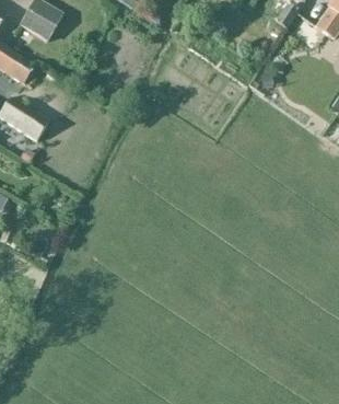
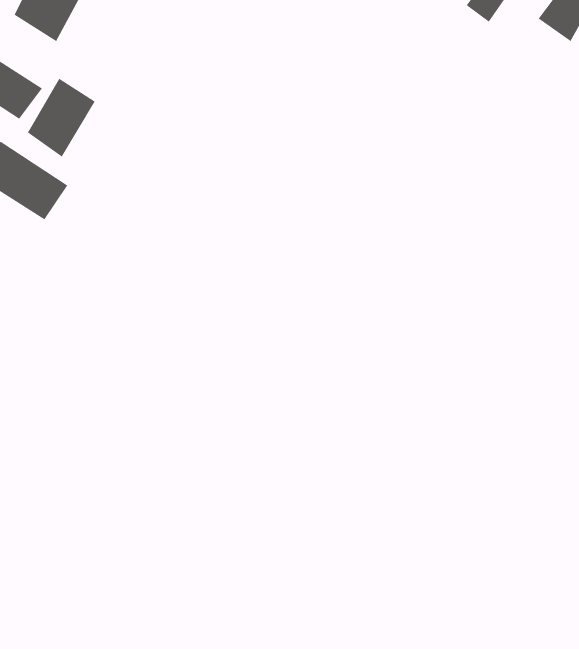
building: none -> [27,78,96,158]

